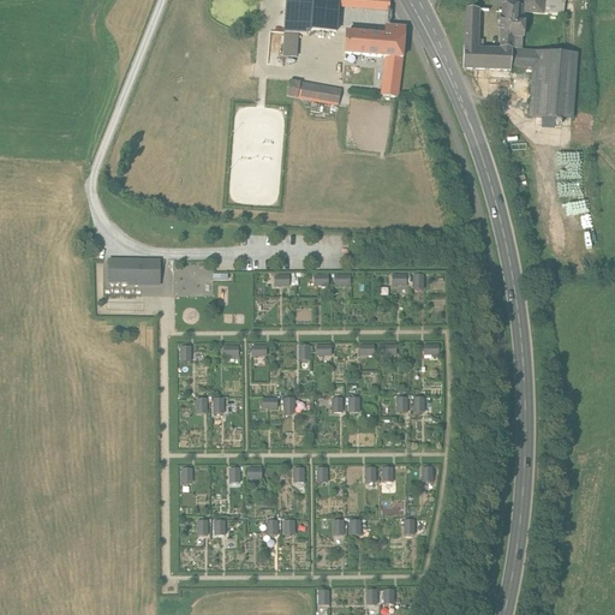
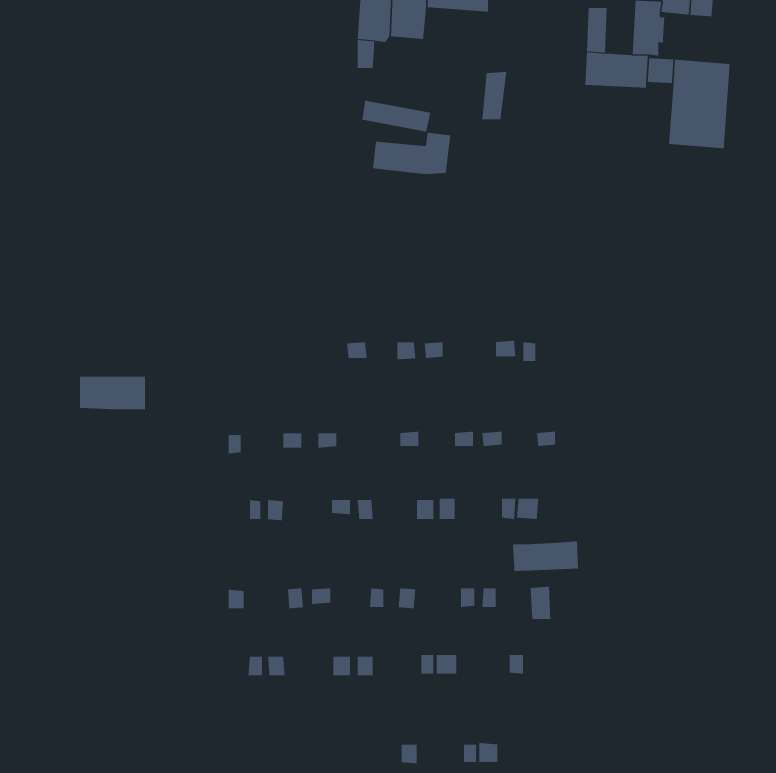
building: [342,24,405,58] -> [372,132,451,175]
building: [108,259,161,286] -> [79,376,146,410]
building: none -> [513,541,579,572]

